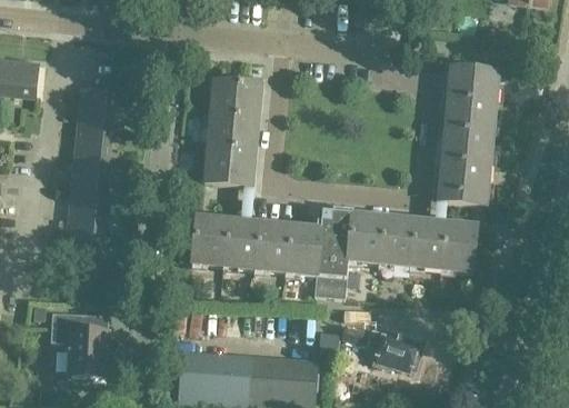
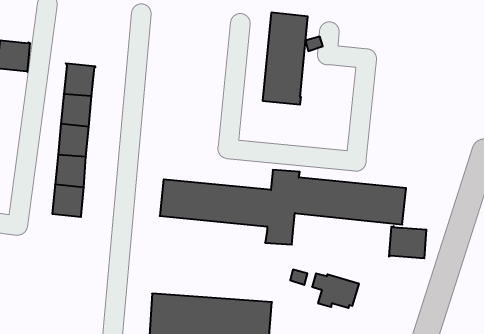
building: [443,67,499,205] -> none
building: [202,79,254,186] -> [263,13,308,105]
building: none -> [389,226,426,258]
building: [51,311,109,375] -> none

